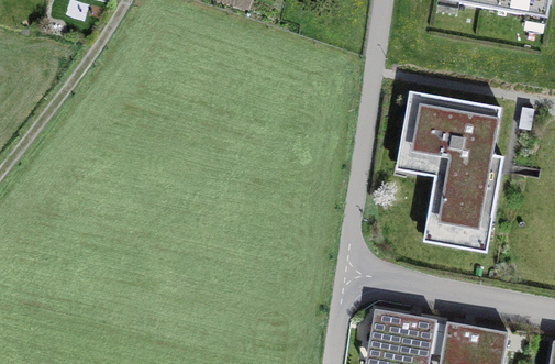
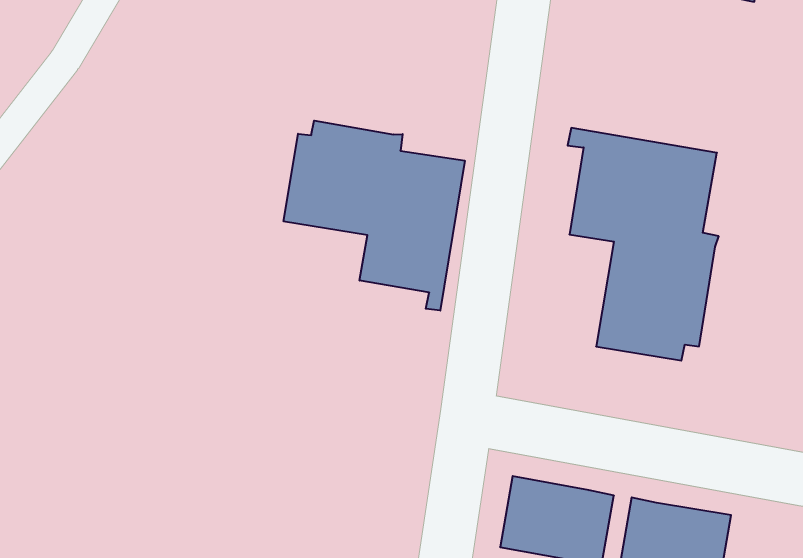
building: none -> [284,121,465,311]

